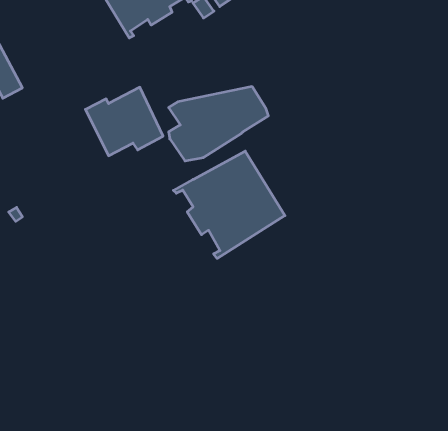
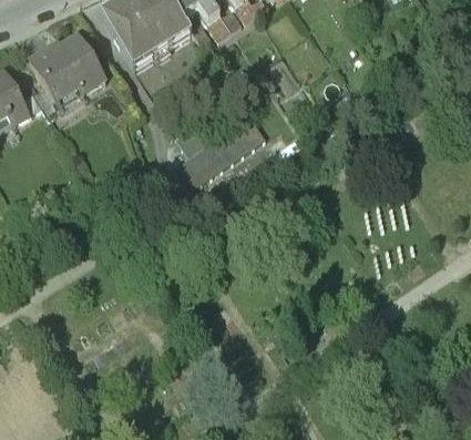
building: [85,87,163,156] -> [29,35,103,101]
building: [173,151,285,258] -> none

